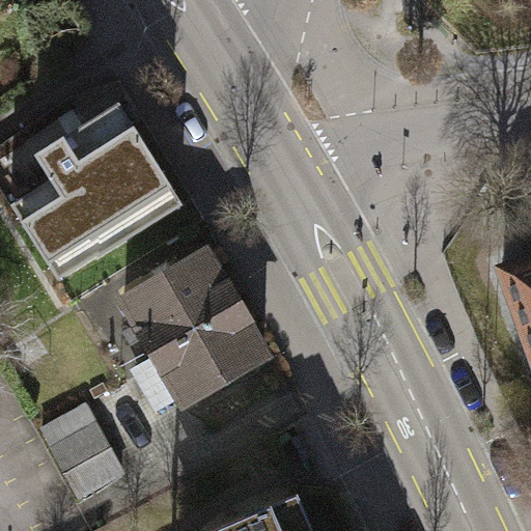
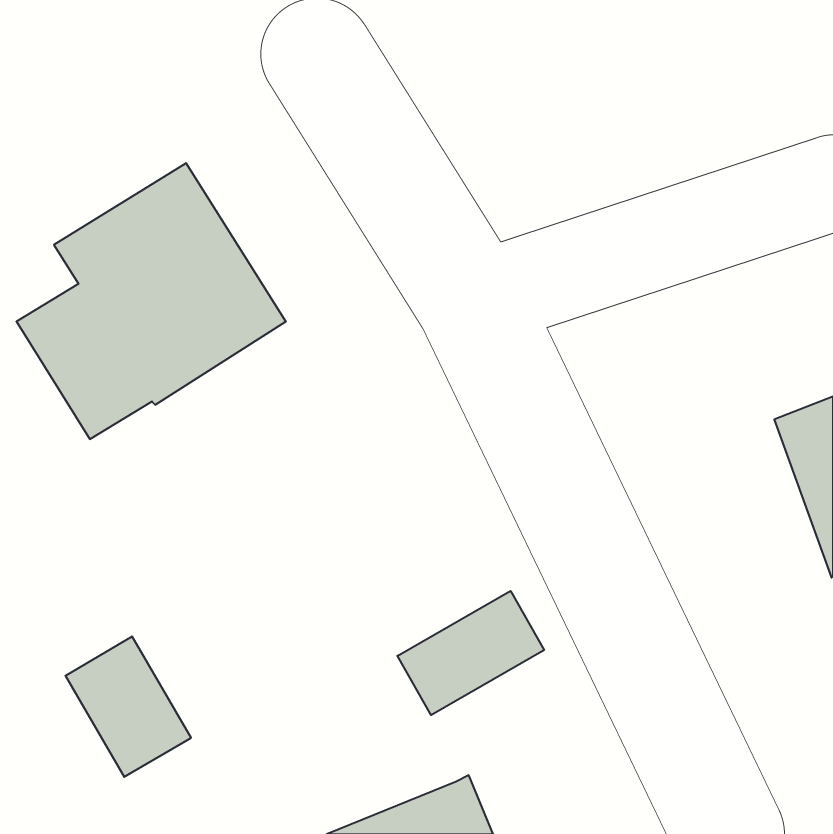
building: [124,254,266,401] -> none
building: none -> [397,591,544,715]

